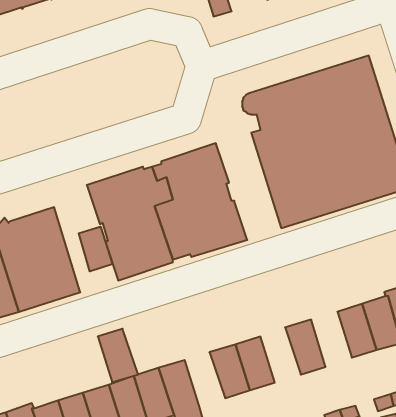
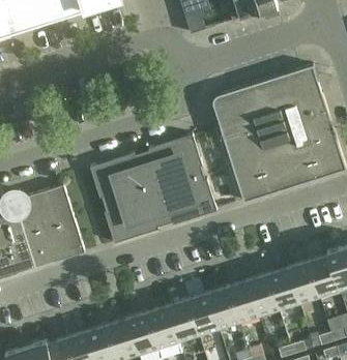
building: [79,227,112,271] -> none
building: none -> [266,267,298,310]
building: none -> [226,279,258,323]
building: [98,329,138,382] -> [166,299,198,341]

